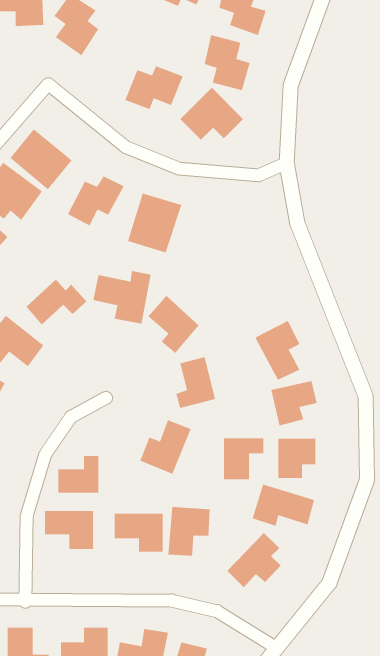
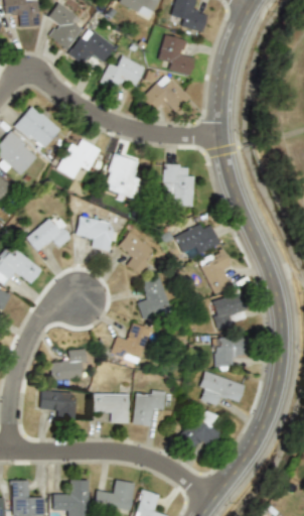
building: none -> [69,27,116,68]
building: none -> [163,164,194,207]
building: none -> [174,221,219,255]
building: [224,438,264,480] -> none

